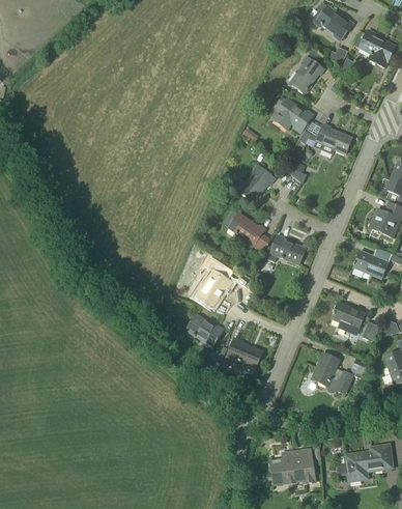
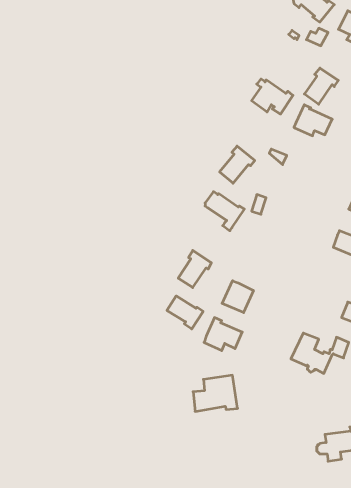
building: [290,56,324,92] -> [304,68,338,104]
building: [267,234,305,264] -> none
building: none -> [222,281,253,313]
building: [332,303,364,334] -> none
building: [271,448,316,484] -> [193,375,238,411]

